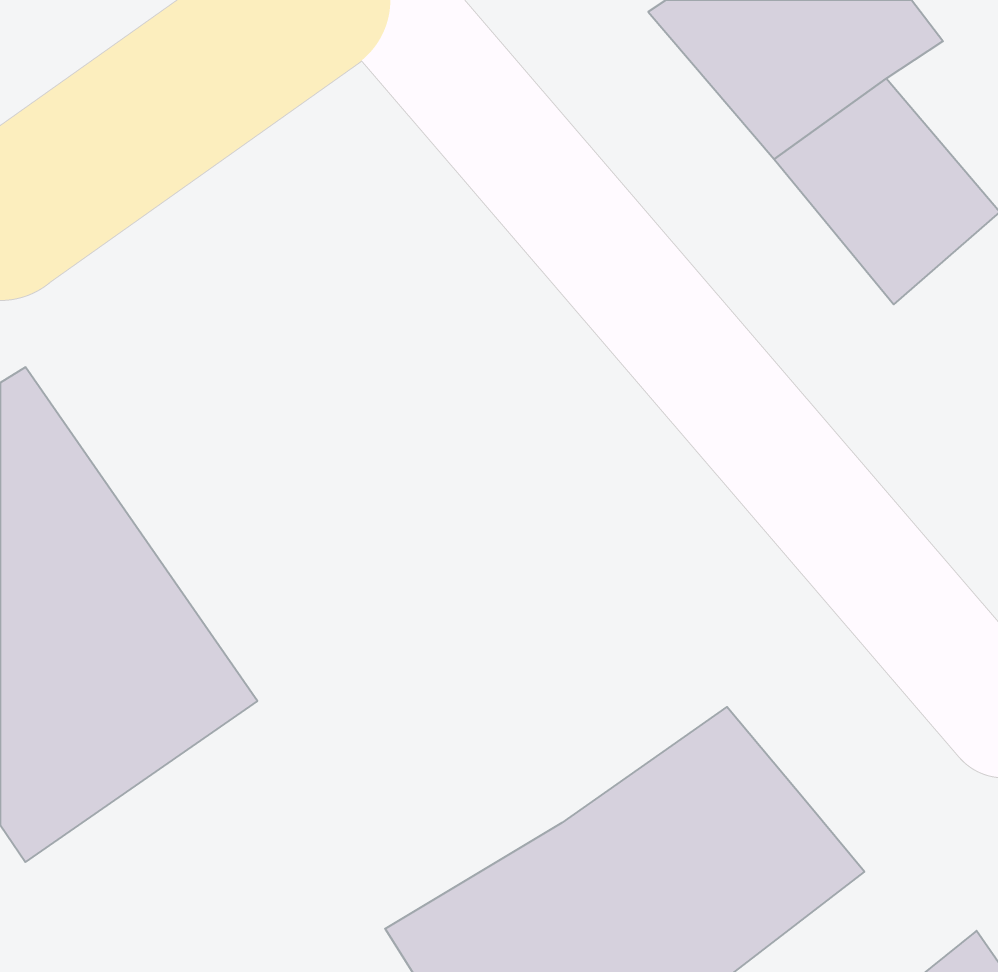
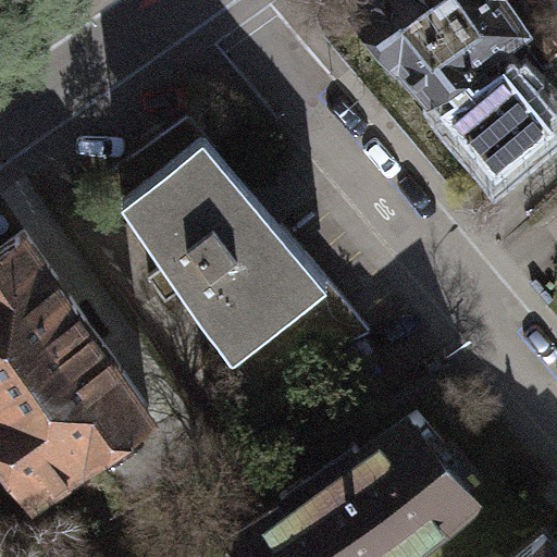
building: none -> [115,131,318,347]

